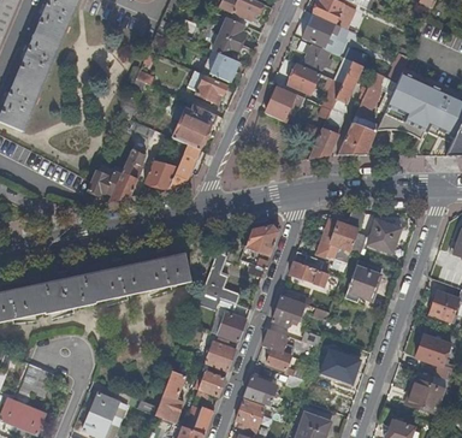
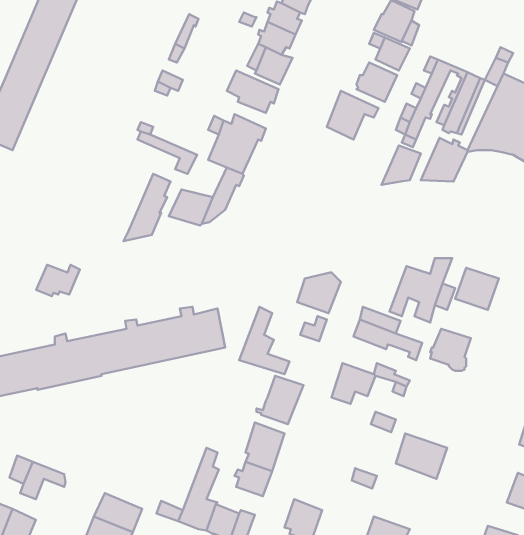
building: [88,170,122,194] -> [36,265,80,296]
building: [260,328,289,369] -> none
building: [242,377,274,406] -> none

